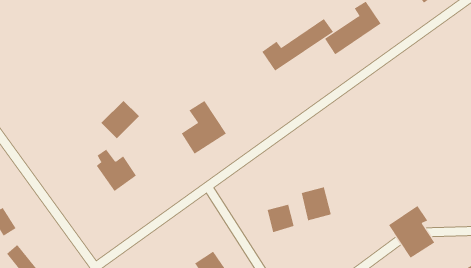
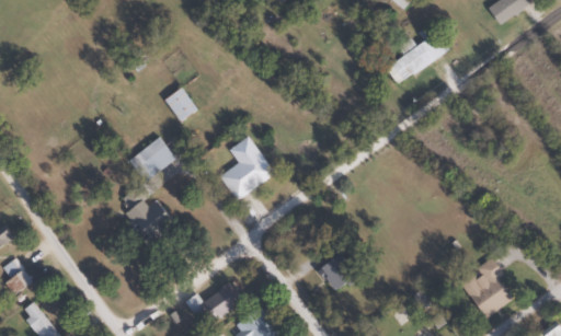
building: [262,18,334,71] -> none
building: none -> [165,89,197,121]
building: [301,187,331,221] -> none
building: none -> [198,282,243,324]

